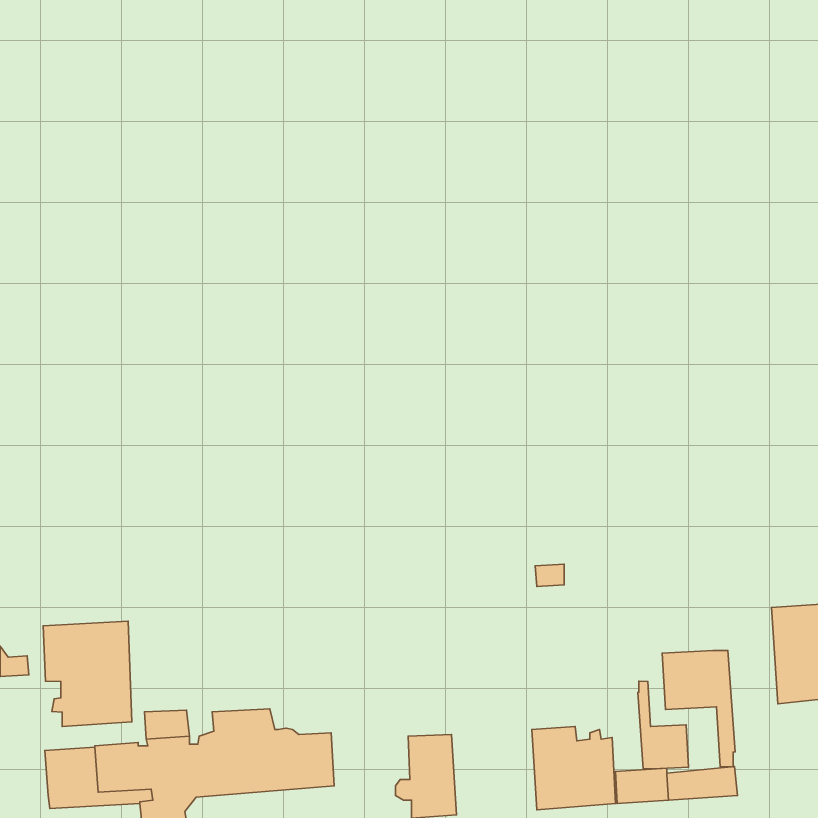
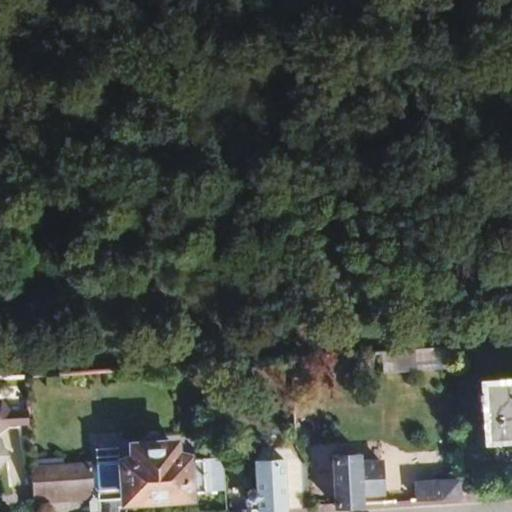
building: [43,621,132,727] -> none
building: [662,651,735,767] -> none
building: [638,681,689,769] -> none

